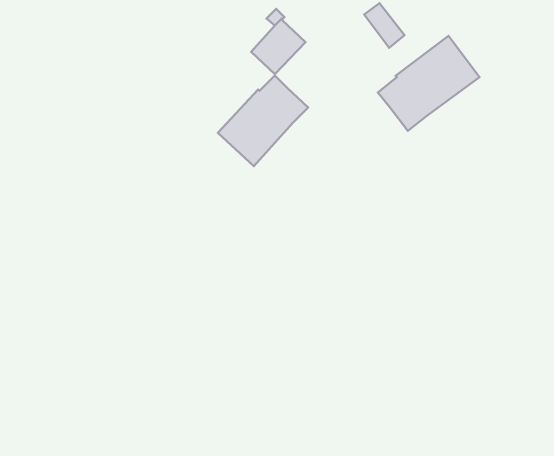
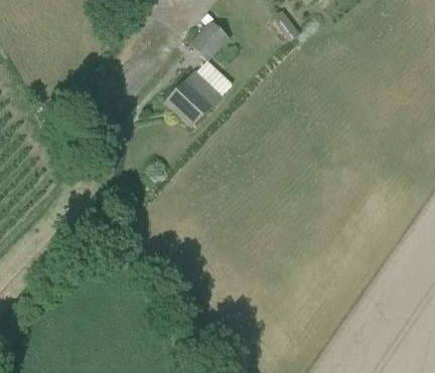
building: [378,36,479,131] -> none

